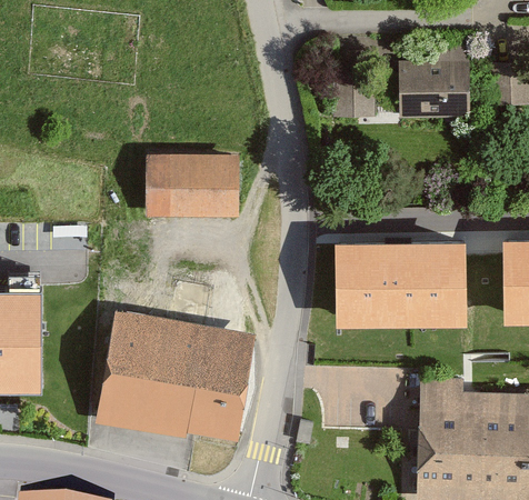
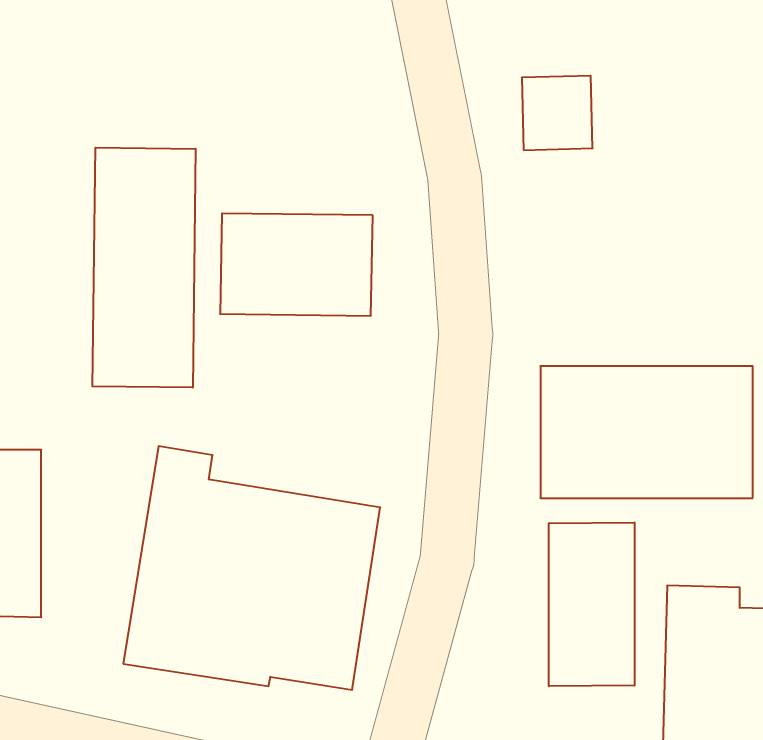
building: [396,49,466,119] -> none
building: none -> [92,148,196,388]
building: none -> [549,522,634,686]

